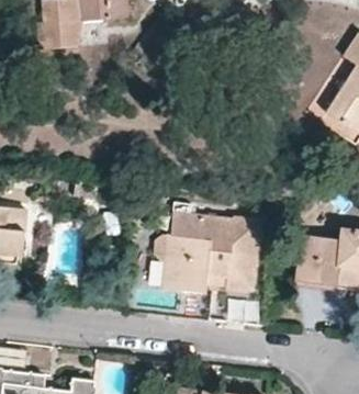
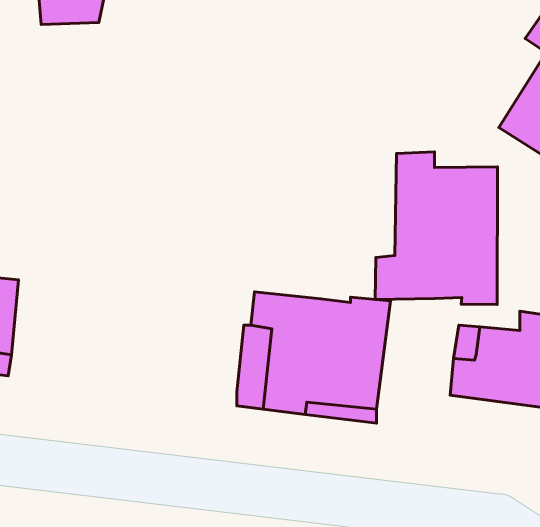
building: none -> [375,152,497,304]

